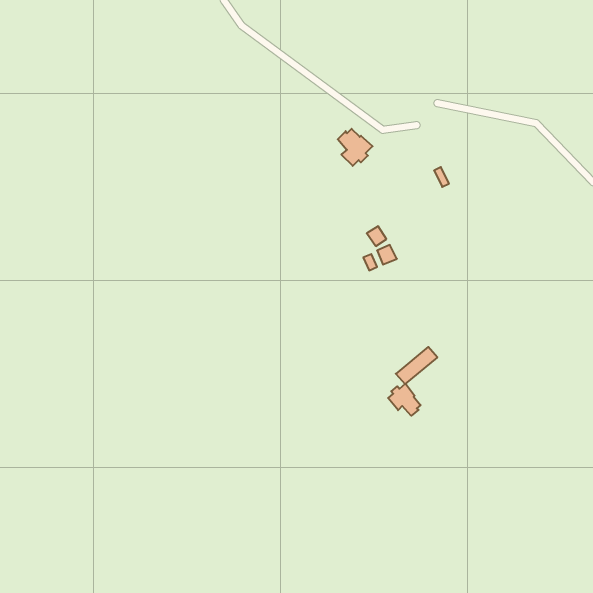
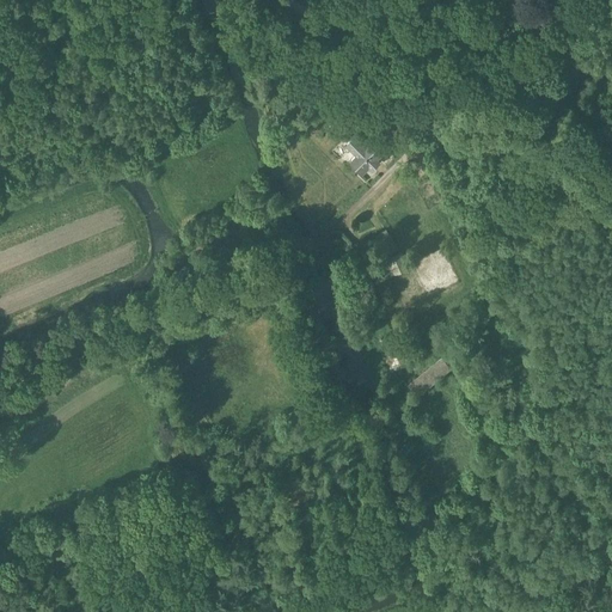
building: [388,384,421,416] -> none

